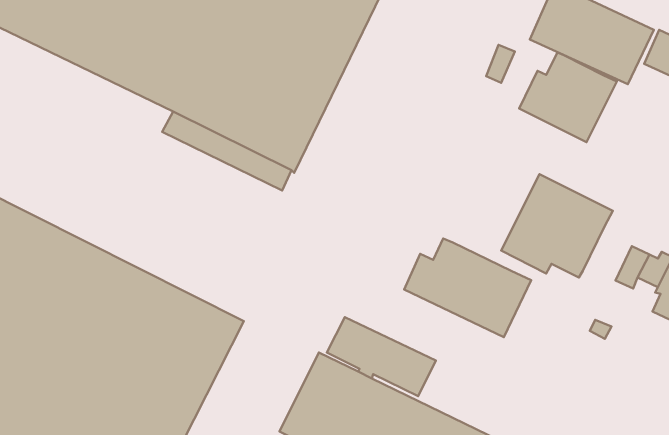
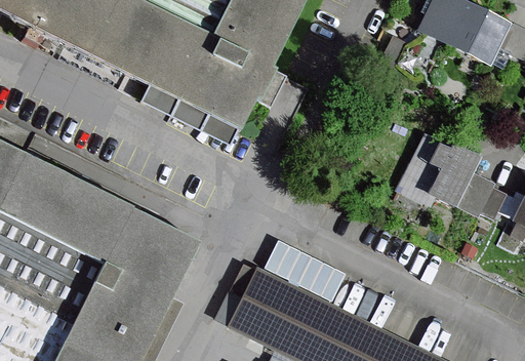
building: [519,52,617,142] -> none
building: none -> [456,171,495,216]
building: [404,239,531,337] -> none

